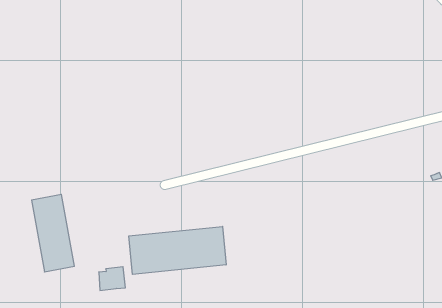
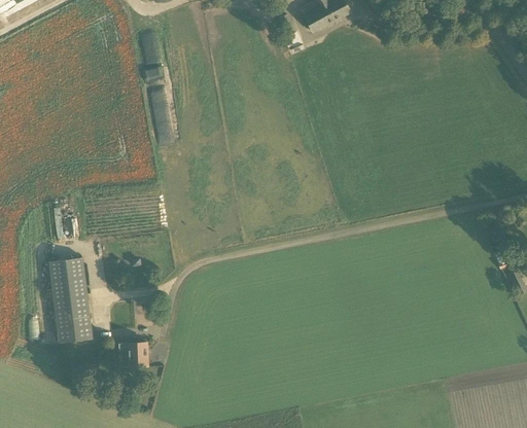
building: [129,226,226,274] -> none

